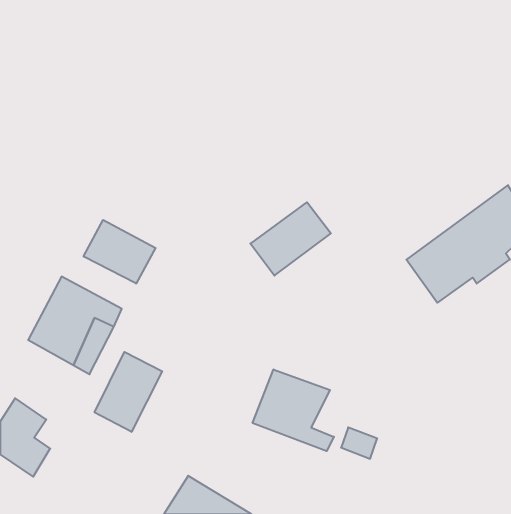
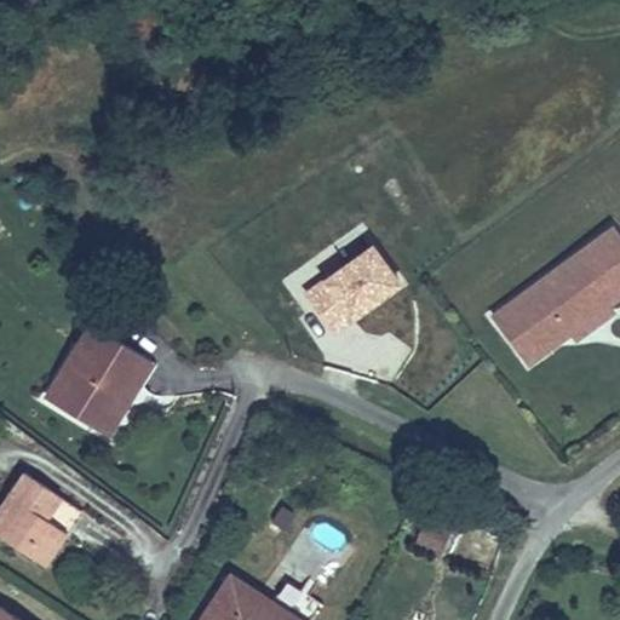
building: [84,220,156,284] -> none
building: [95,352,162,432] -> none
building: [253,369,334,451] -> none

